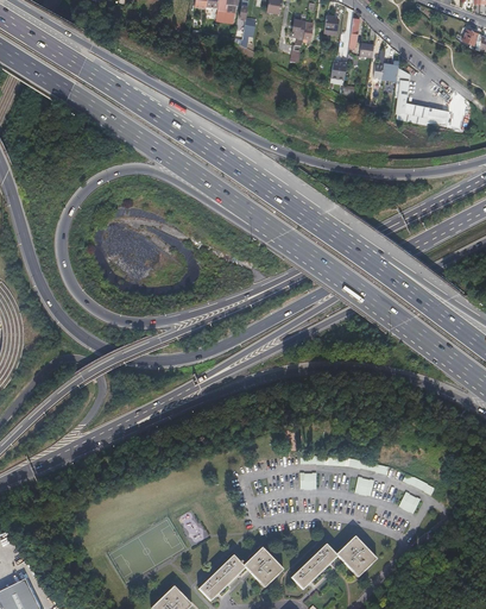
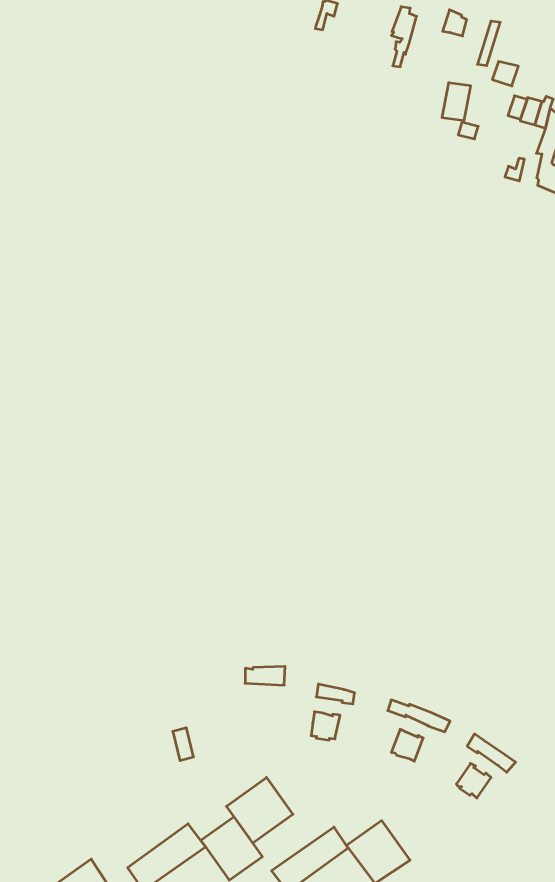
building: none -> [226,777,293,843]

